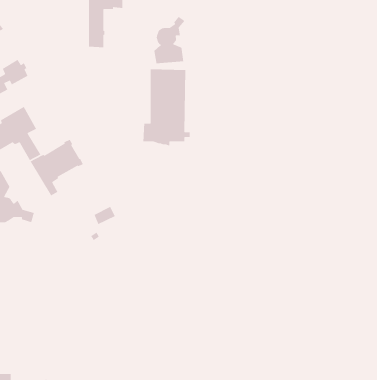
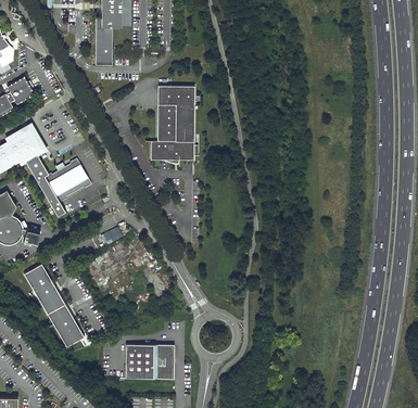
building: [154,16,185,64] -> none
building: none -> [24,264,85,347]
building: none -> [126,344,175,379]

